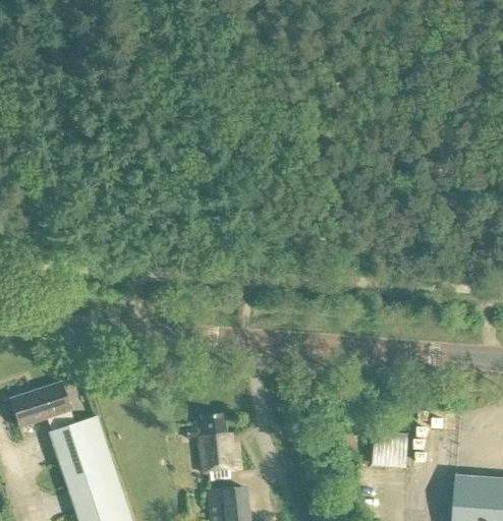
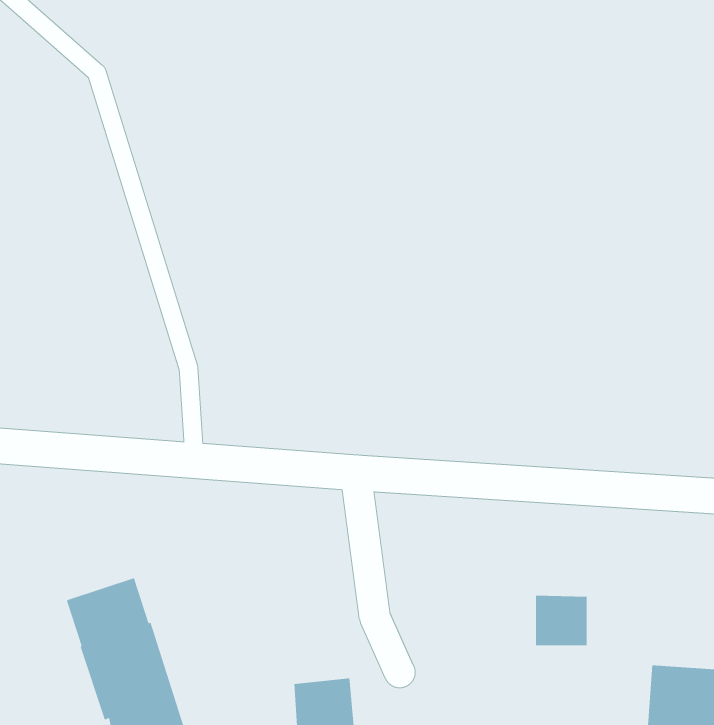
building: [12,385,72,428] -> none
building: [186,415,241,480] -> none

